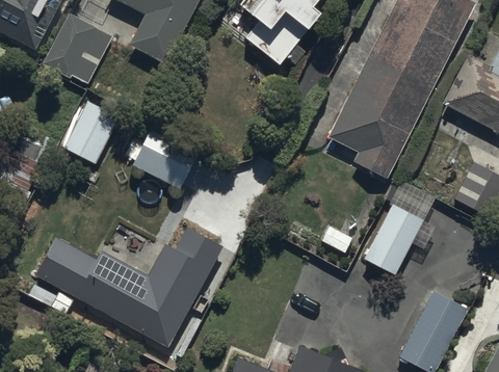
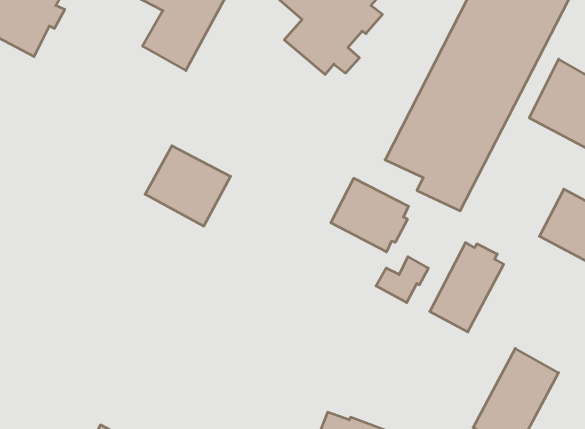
building: [42,14,112,86] -> none
building: [62,101,119,163] -> none
building: none -> [331,178,409,252]
building: [33,228,224,348] -> none

